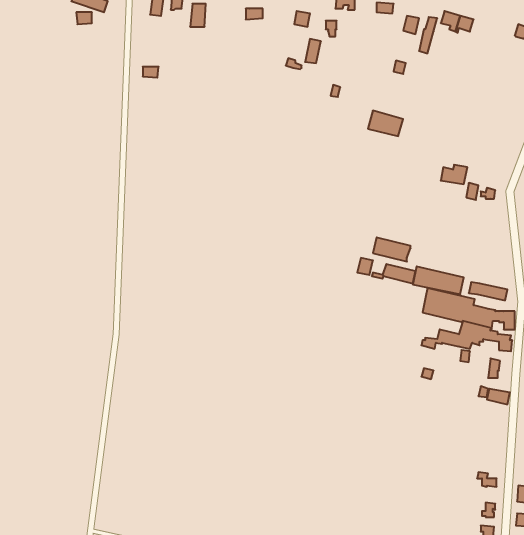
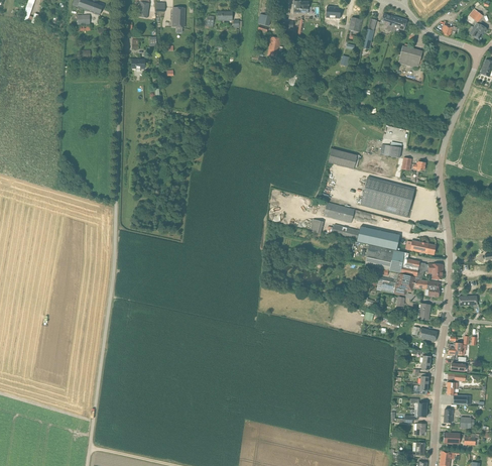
building: none -> [398,45,422,68]
building: [368,111,403,136] -> [328,147,357,168]
building: none -> [360,177,414,217]

